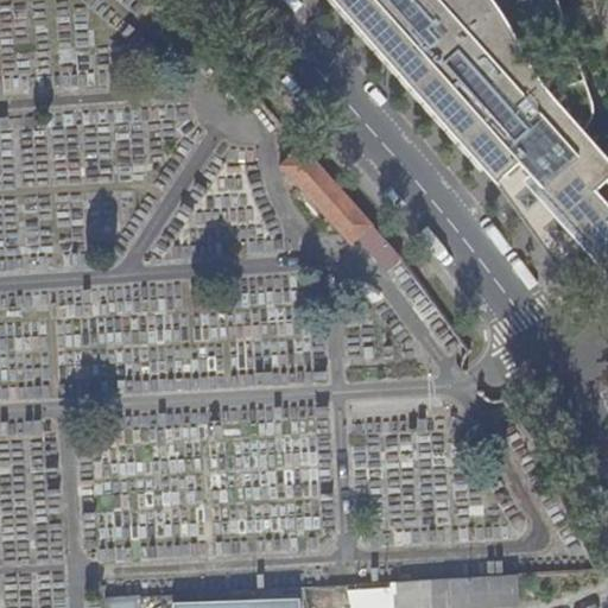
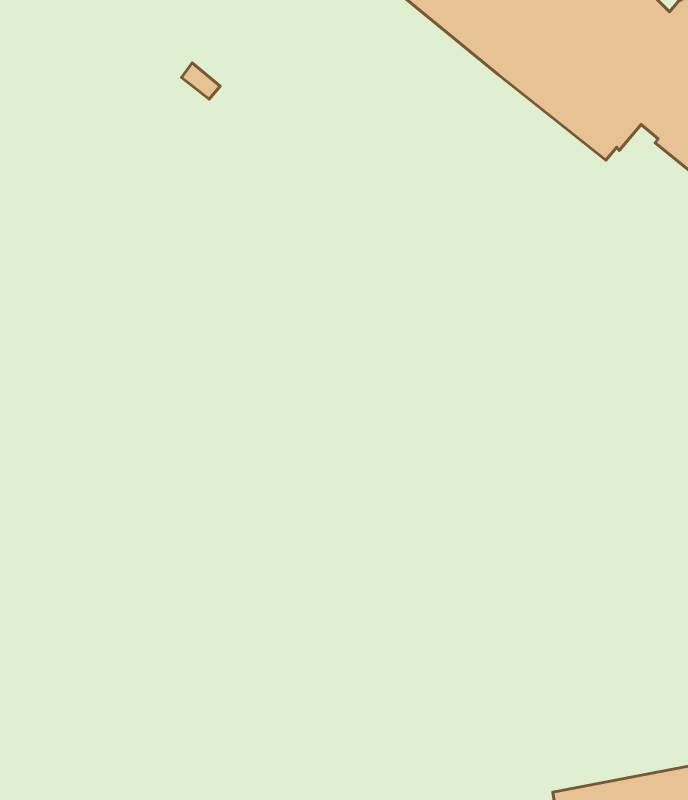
building: [278,145,400,271] -> none

